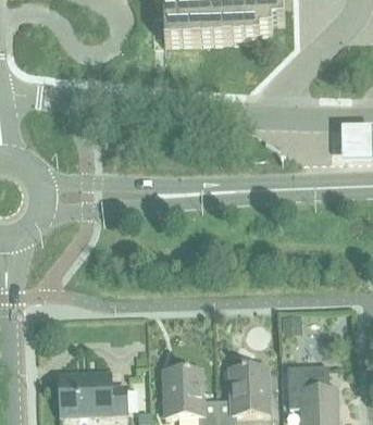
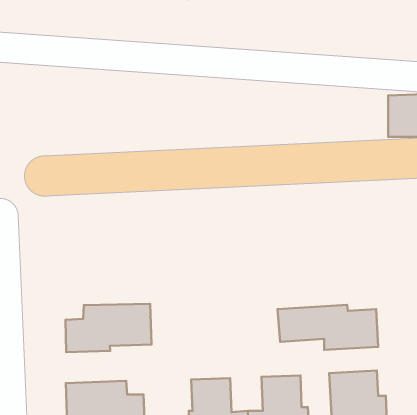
building: none -> [65,304,151,352]
building: none -> [277,305,378,350]

